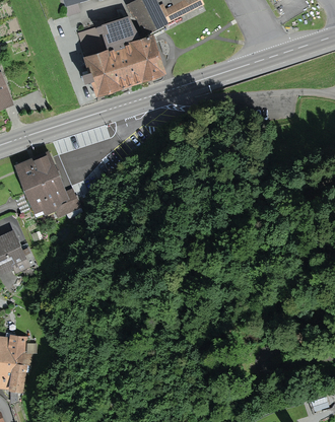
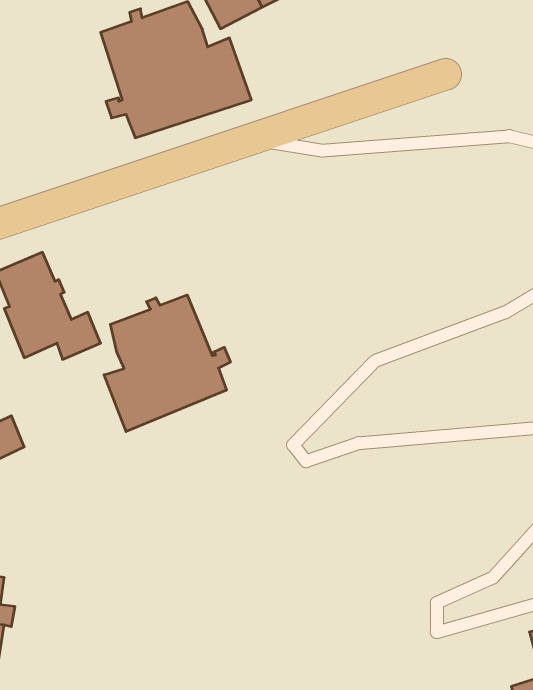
building: none -> [104,295,230,432]

